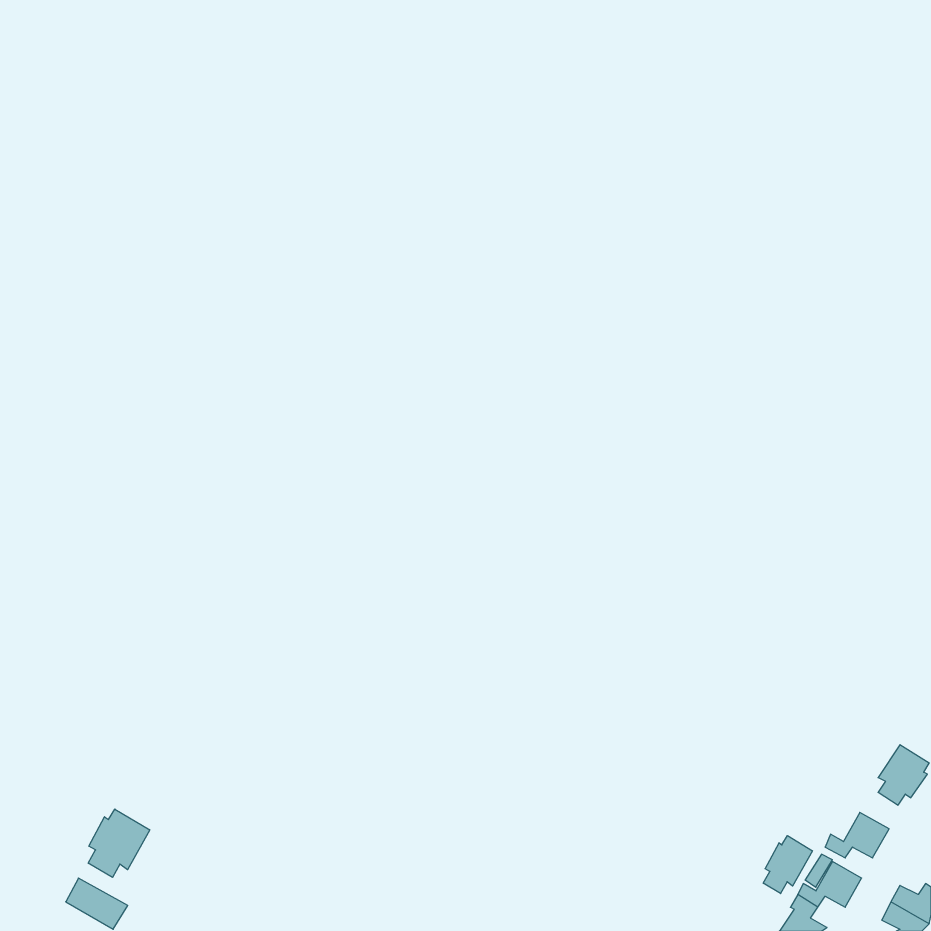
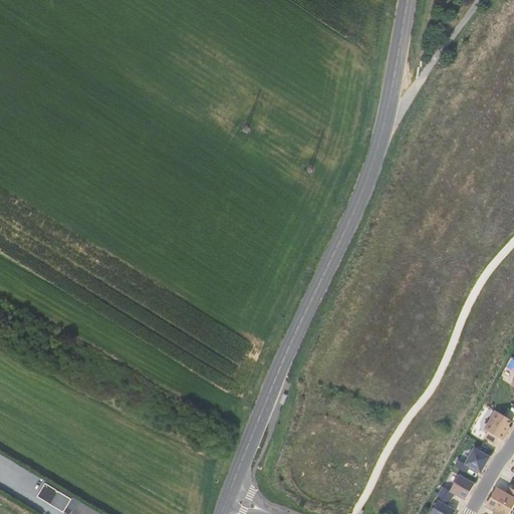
building: [88,809,150,877] -> none
building: [763,836,812,894] -> none

